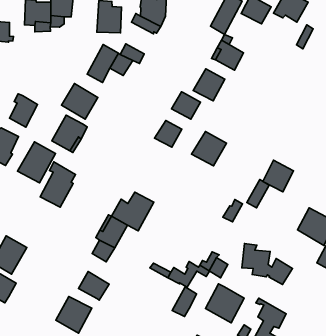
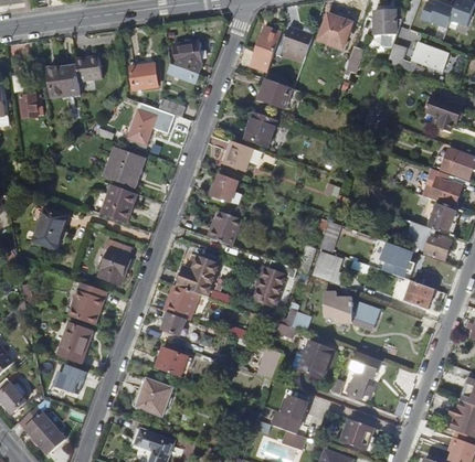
building: [9,94,38,127] -> none
building: [192,131,226,166] -> [205,209,241,245]
building: [18,142,56,183] -> [68,282,106,325]
building: [263,160,293,192] -> [314,250,345,282]
building: none -> [252,259,297,305]

